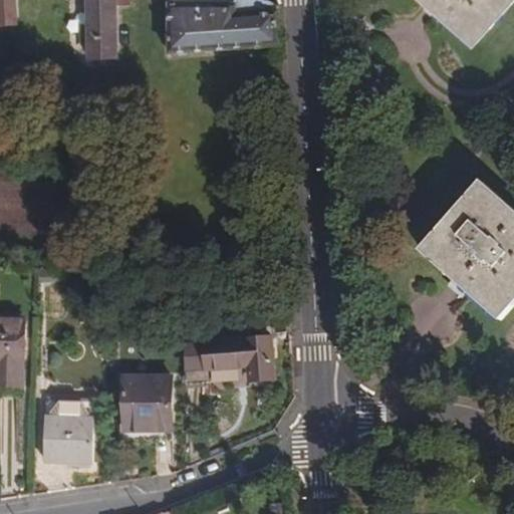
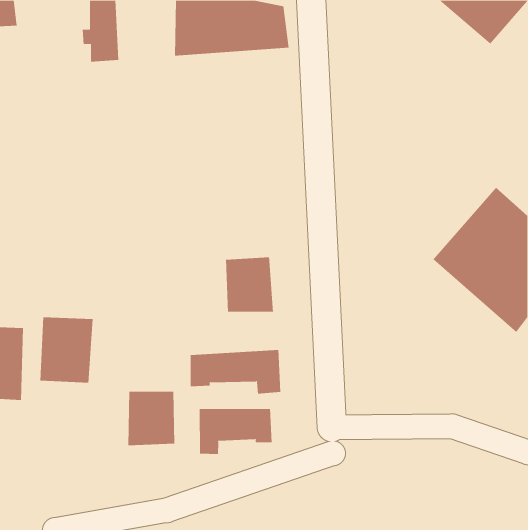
building: none -> [225,256,274,313]
building: none -> [199,408,272,455]
building: [43,400,95,464] -> [40,317,93,383]

